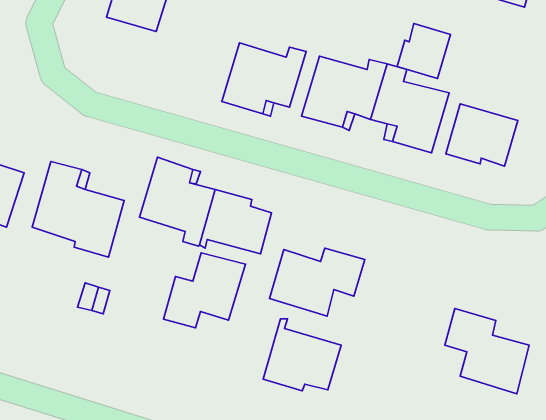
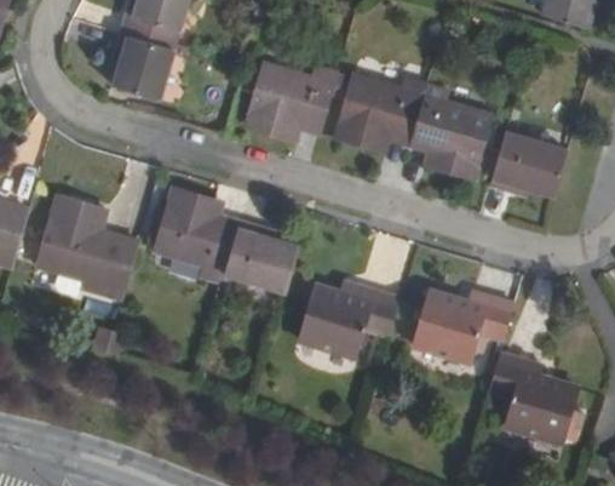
building: none -> [113,34,174,97]
building: [397,24,451,78] -> none
building: none -> [410,288,515,362]
building: [163,253,246,328] -> none
building: [263,319,341,391] -> none

